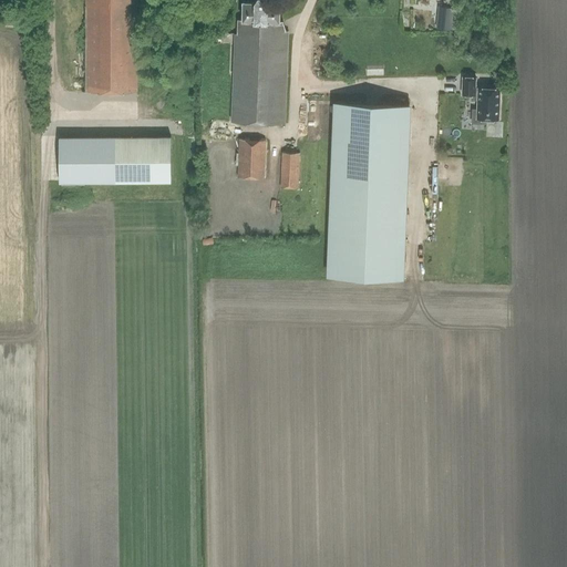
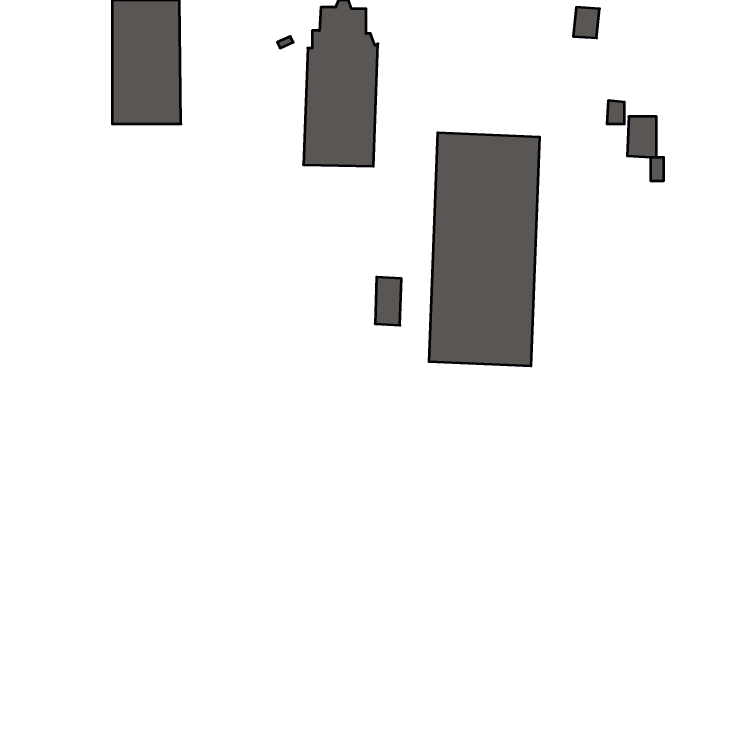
building: [236,138,265,178] -> none
building: [59,140,171,185] -> none
building: [279,152,299,188] -> [375,277,401,325]

